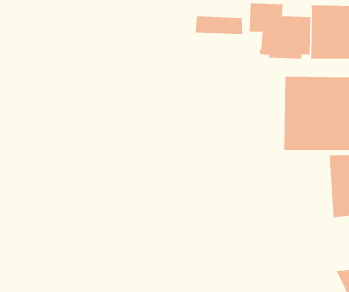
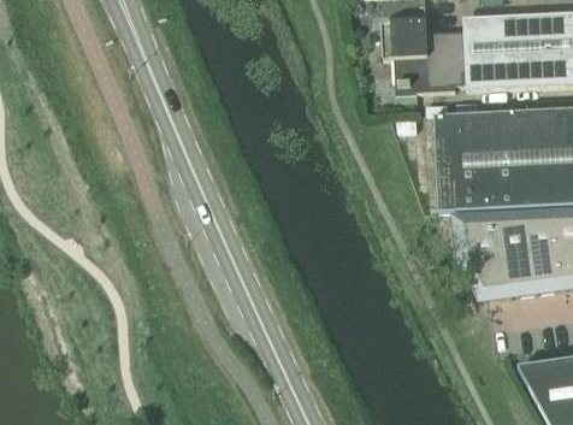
building: [195,16,243,35] -> none
building: none -> [454,213,509,300]

